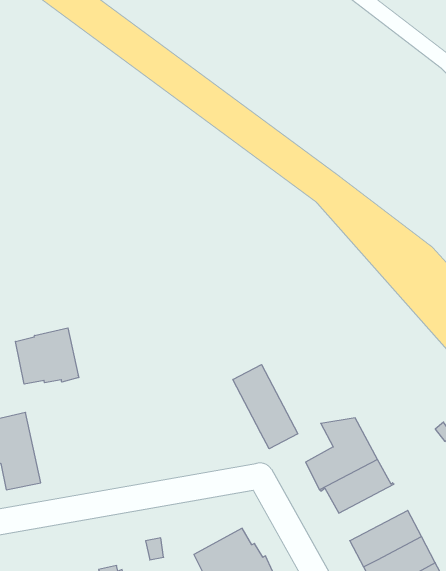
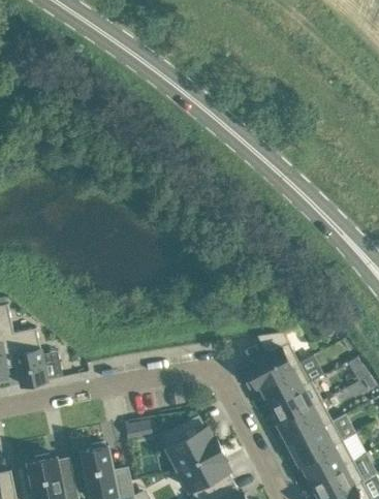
building: [15,328,79,384] -> none
building: [233,365,298,449] -> none
building: none -> [270,383,321,426]

